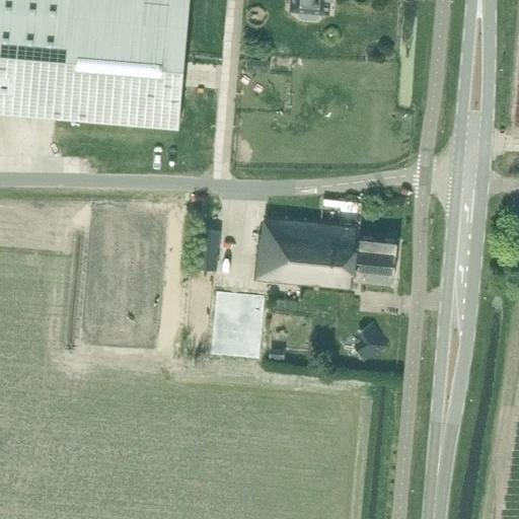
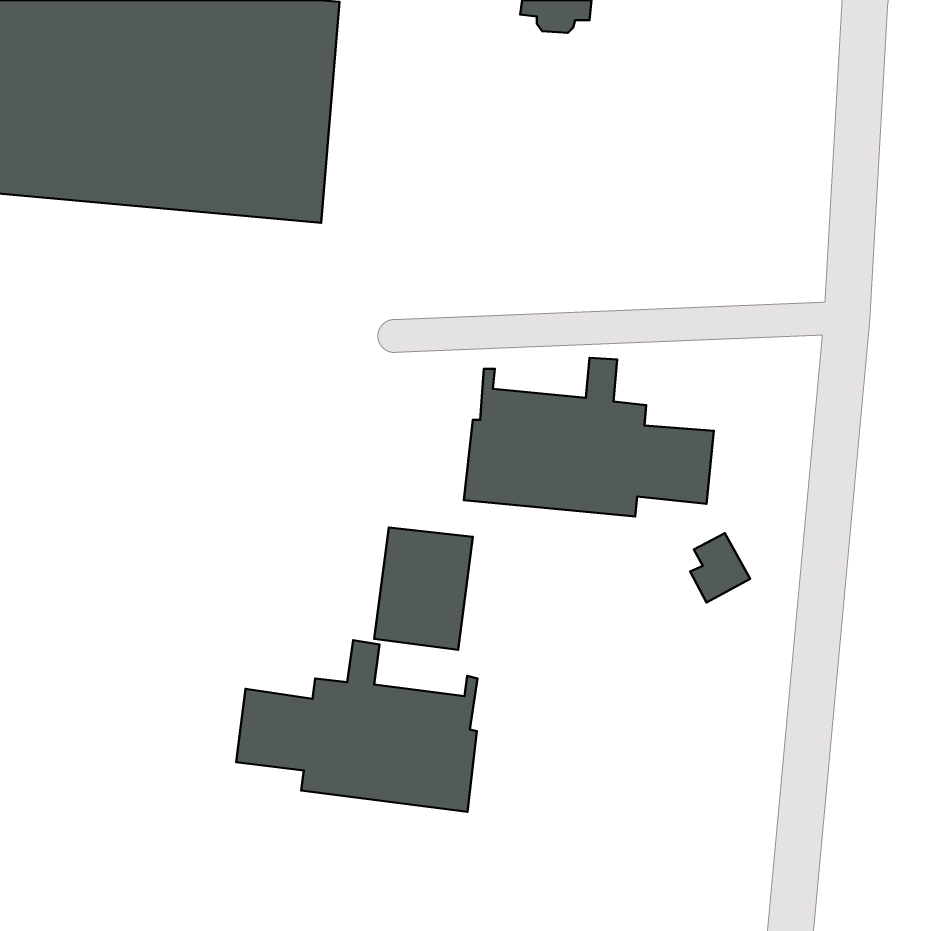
building: [354,320,387,359] -> [690,533,750,602]
building: none -> [236,640,478,812]

